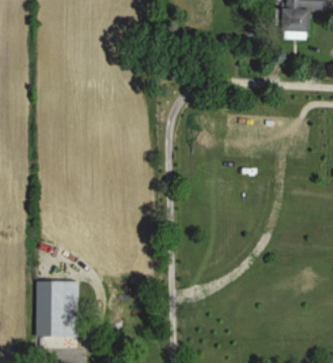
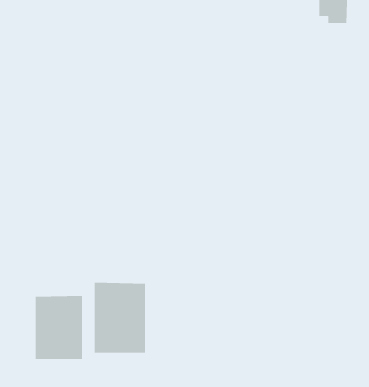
building: none -> [94,282,146,353]

